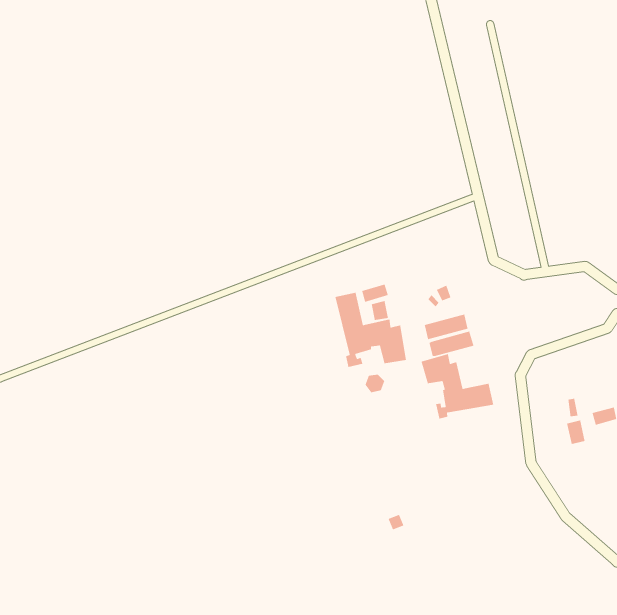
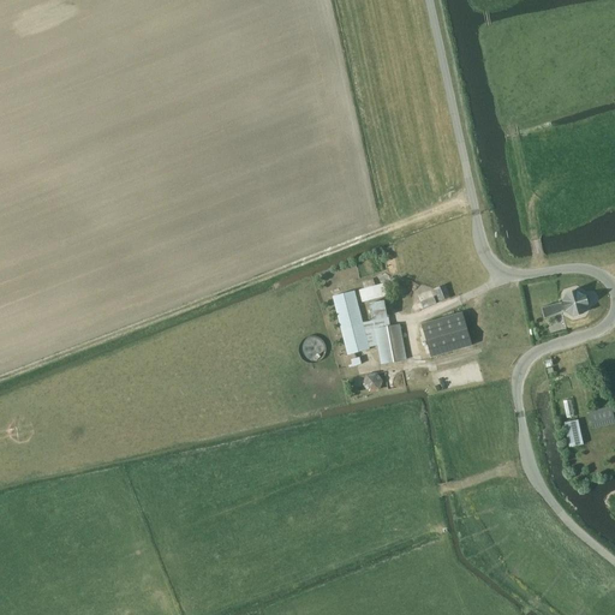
building: none -> [550,288,587,315]
building: [420,353,494,419] -> none

